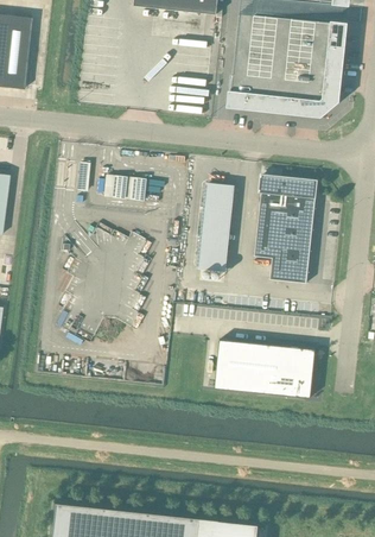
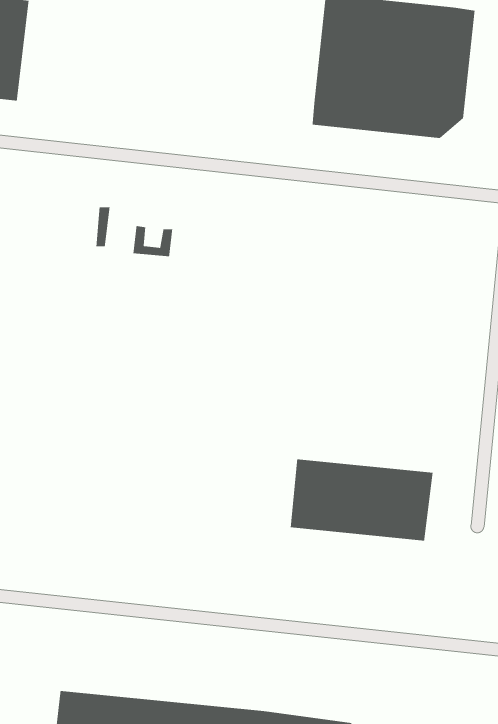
building: [256,175,319,283] -> none
building: [198,182,235,271] -> none

